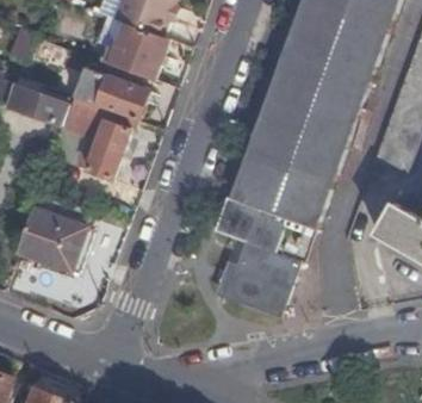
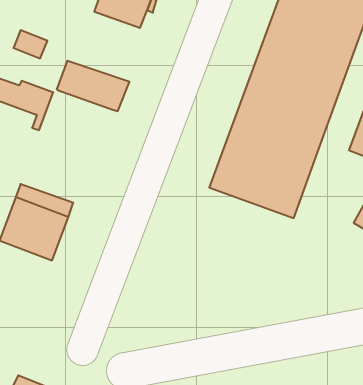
building: [107,23,166,79] -> none
building: [62,98,131,178] -> none
building: [215,197,314,317] -> none

